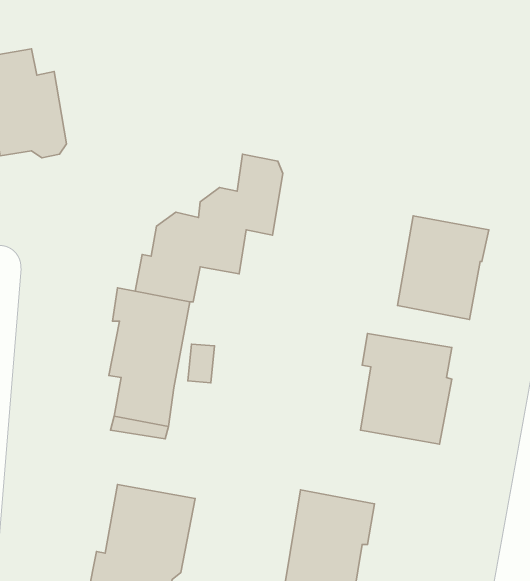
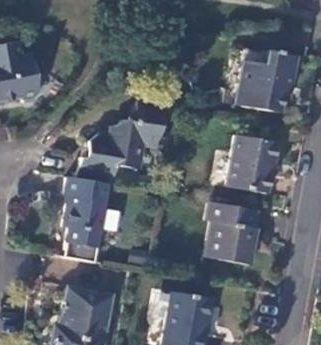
building: none -> [237,51,297,113]

